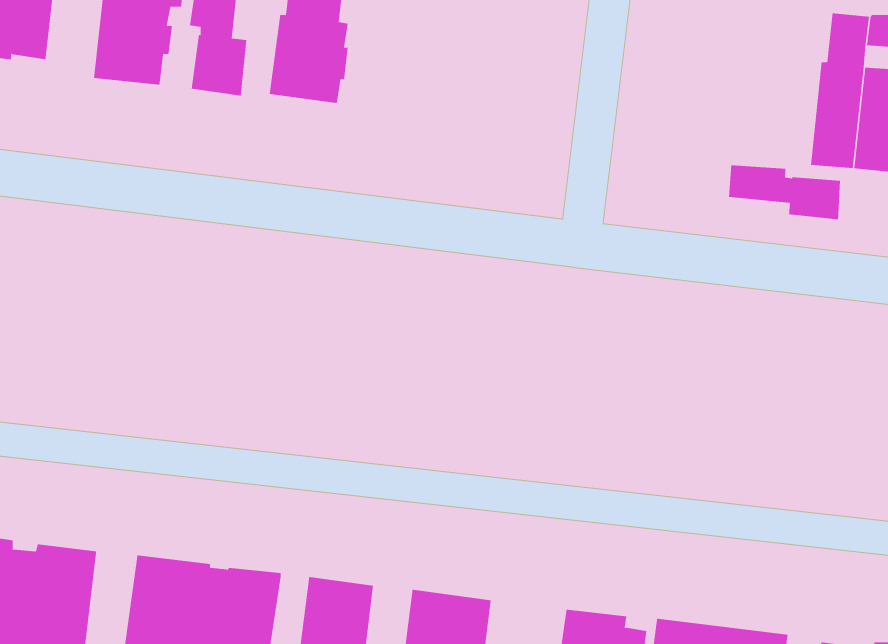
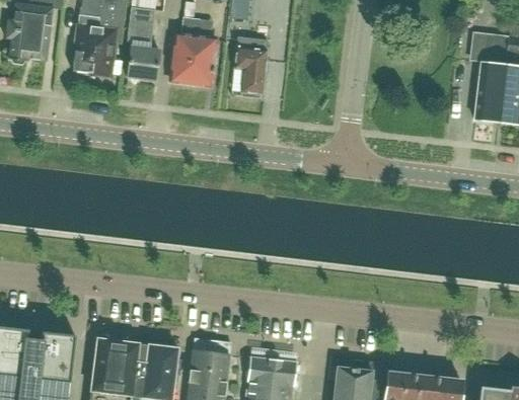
building: none -> [234,38,267,98]
building: [728,165,841,220] -> none

